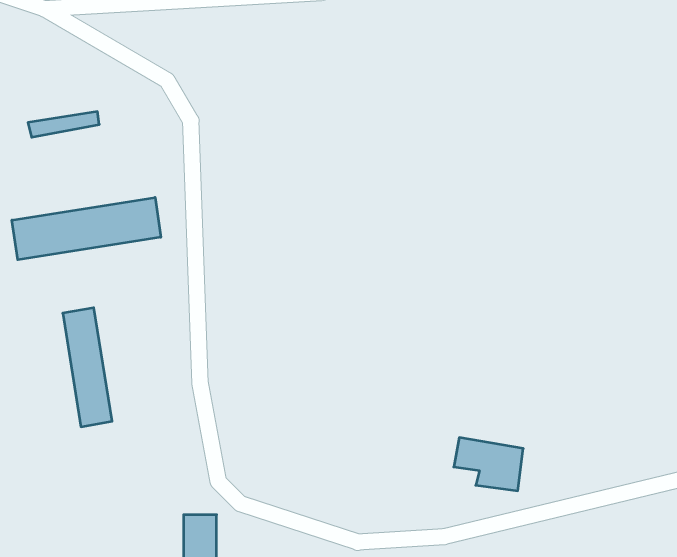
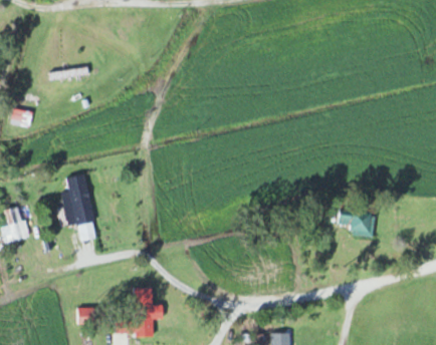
building: [12,197,161,260] -> none
building: [454,438,523,491] -> [337,209,375,238]

